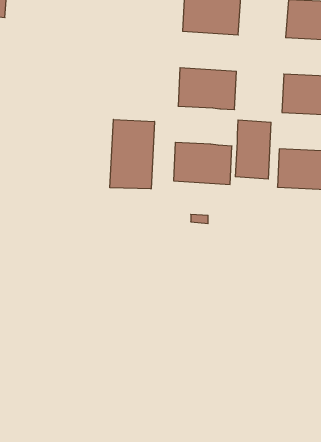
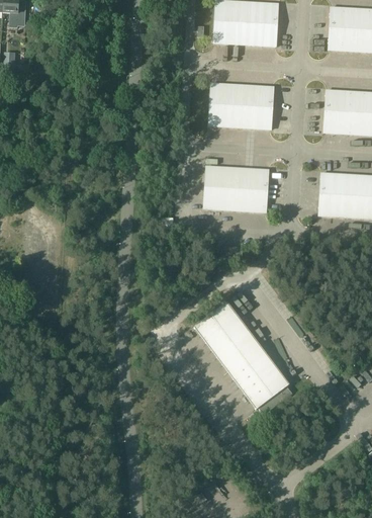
building: [110,119,154,189] -> none
building: [235,120,271,179] -> none
building: none -> [193,301,291,415]

